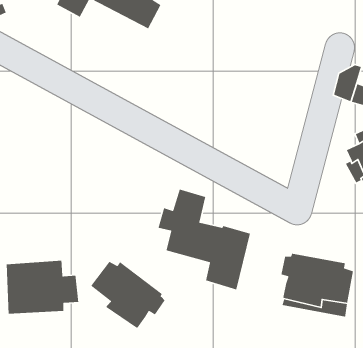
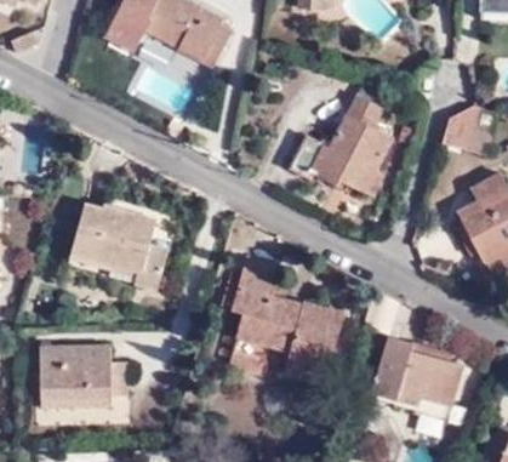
building: none -> [286,91,393,189]
building: none -> [63,204,160,291]
building: [90,261,166,328] -> none

